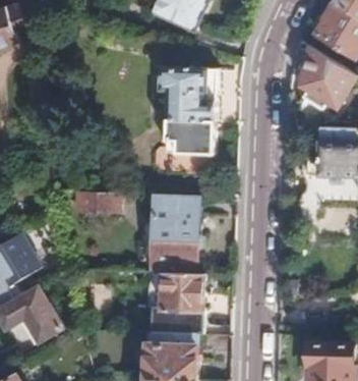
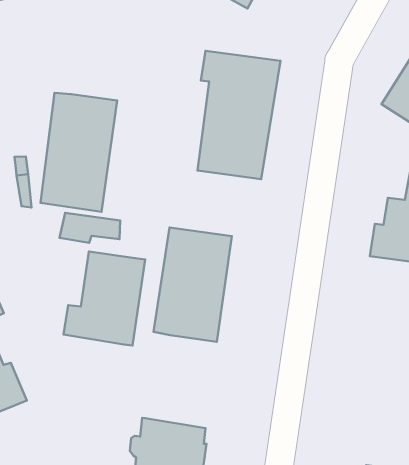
building: none -> [40,93,117,212]
building: [151,270,202,333] -> [63,251,145,345]

